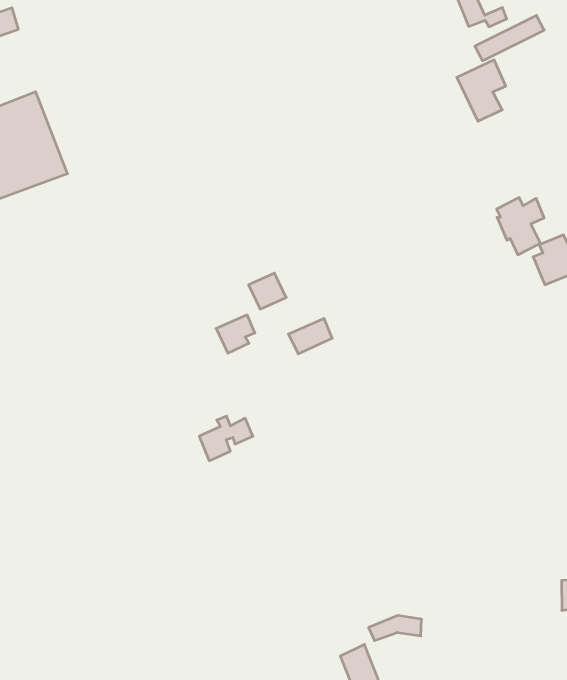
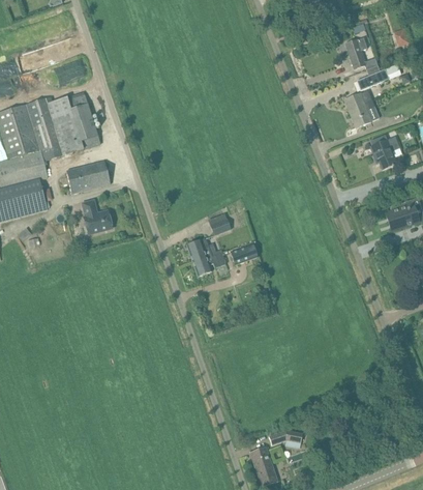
building: [497,198,544,255] -> [370,135,399,170]
building: none -> [66,161,111,193]
building: none -> [81,200,112,234]
building: [199,416,253,461] -> [192,250,225,277]

